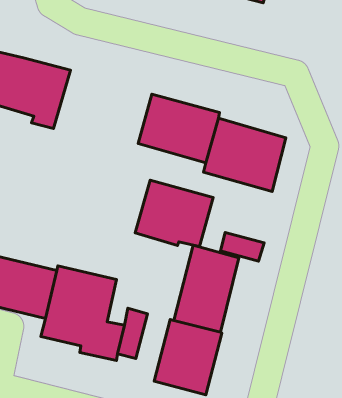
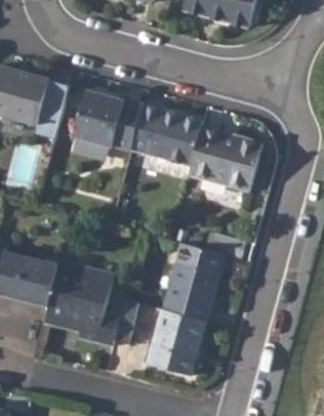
building: [135,180,213,247] -> [74,92,144,152]

